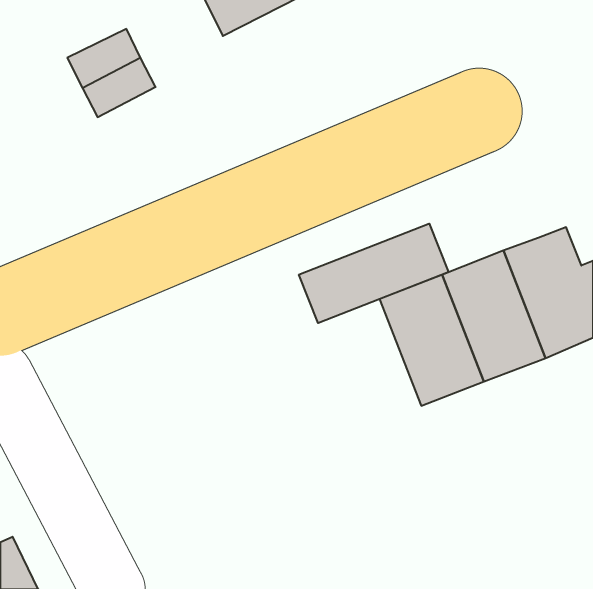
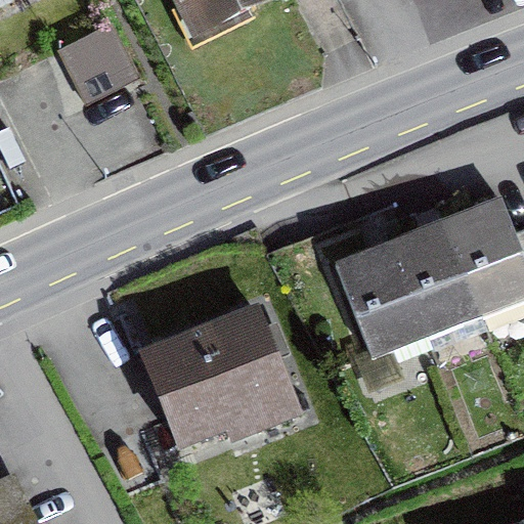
building: [299,224,448,323] -> none
building: none -> [142,311,296,444]

